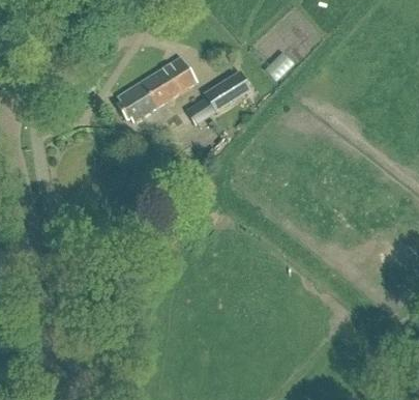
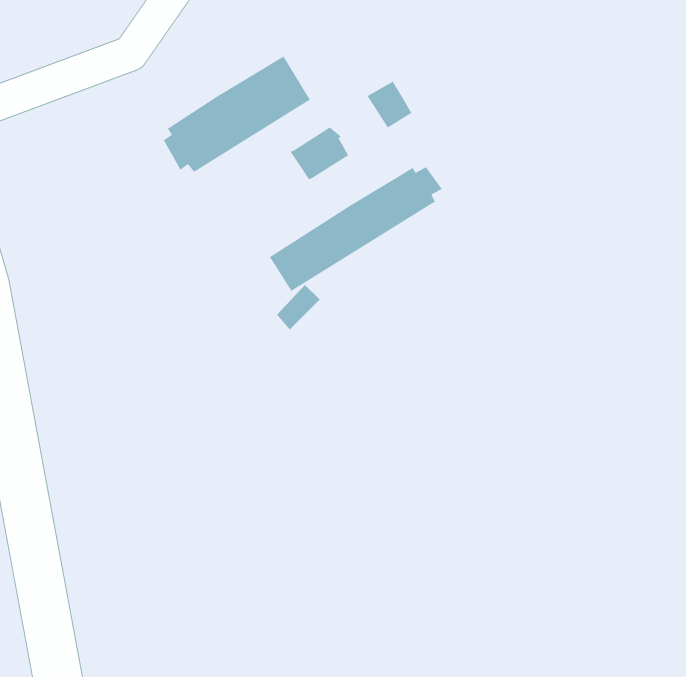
building: none -> [269,166,443,292]

